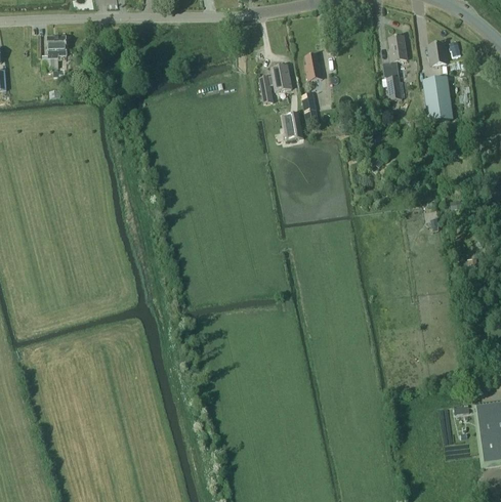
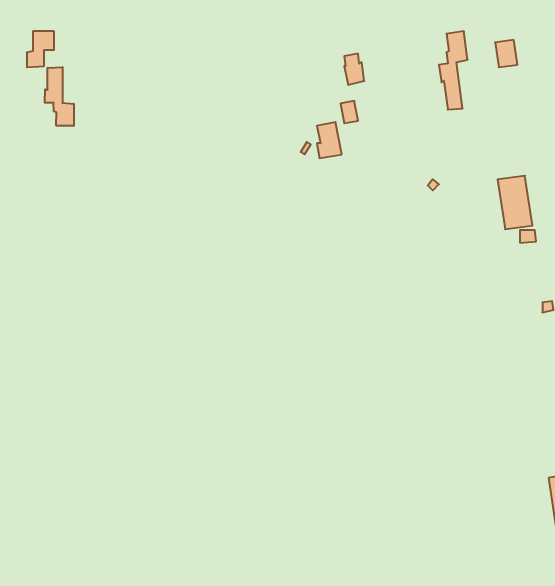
building: [259,64,292,97] -> none
building: none -> [45,67,74,126]
building: [424,77,453,121] -> [498,176,532,229]

